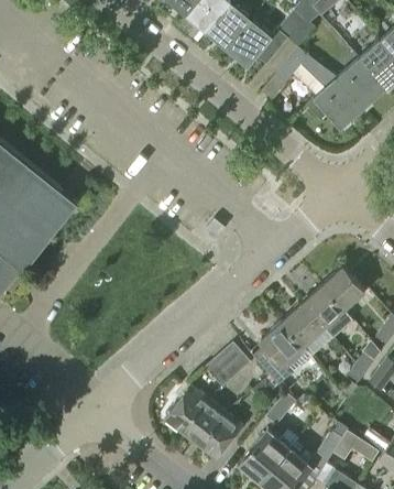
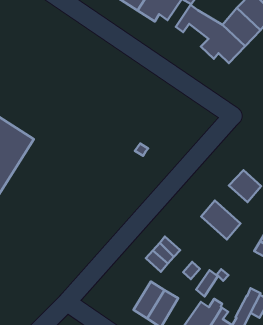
building: [303,285,352,336] -> none
building: [262,322,313,384] -> none
building: [165,385,209,433] -> none

